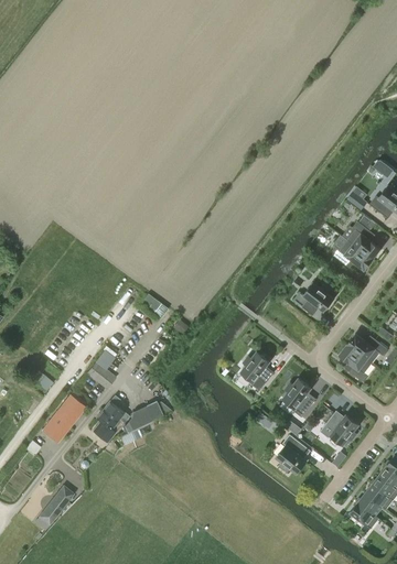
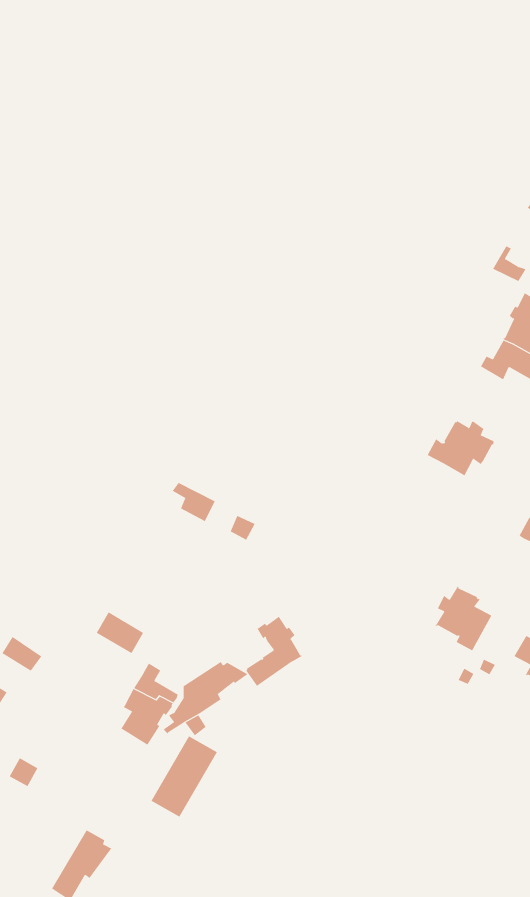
building: [242,351,275,390] -> none
building: none -> [245,616,302,687]
building: [43,394,86,441] -> [151,736,218,817]
building: [276,434,311,473] -> none

